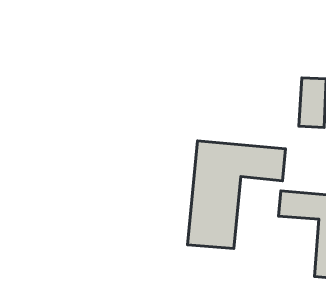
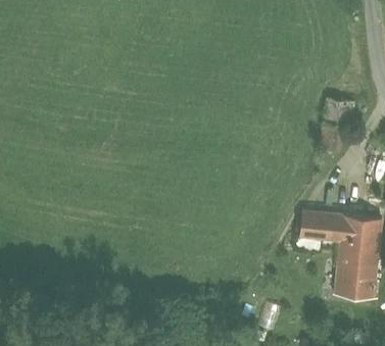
building: [187,141,286,249] -> none

